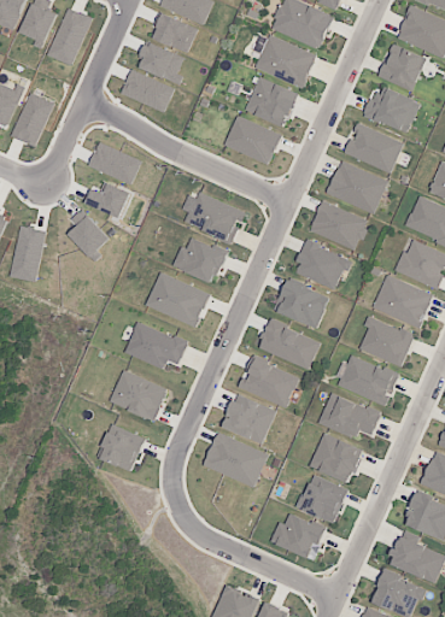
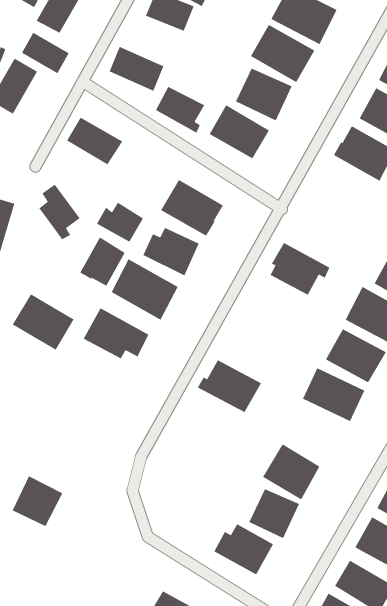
building: [137,42,185,84] -> [155,86,205,134]
building: none -> [21,32,70,74]
building: [326,161,388,215] -> none
building: [86,181,130,218] -> [96,202,144,242]
building: [309,201,368,251] -> none
building: none -> [80,237,126,287]
building: [274,280,329,329] -> none
building: [259,321,321,369] -> none
building: [109,370,168,422] -> [12,293,75,351]
building: [318,393,380,439] -> none
building: [222,394,275,445] -> none
building: [98,424,145,471] -> [12,476,63,527]
building: [203,433,268,488] -> none

